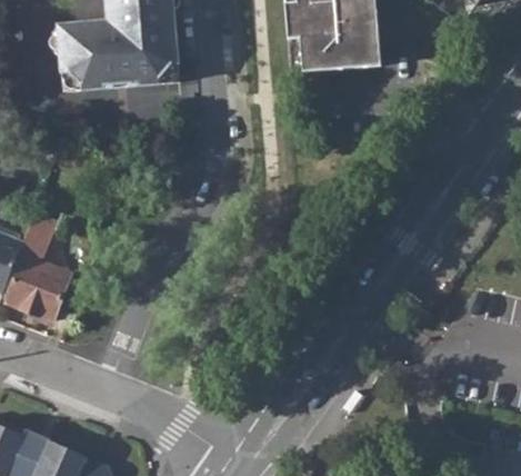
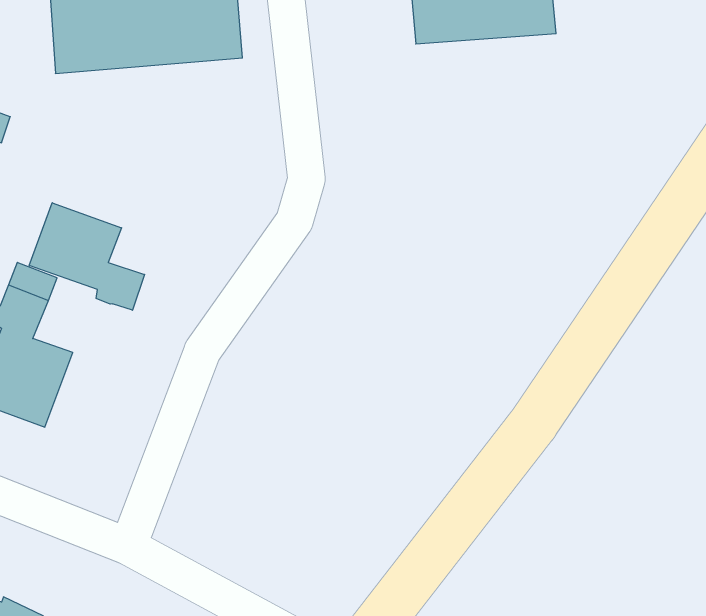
building: none -> [29,203,145,310]

